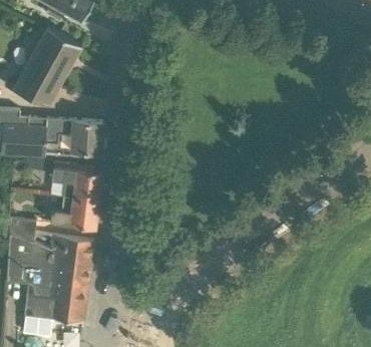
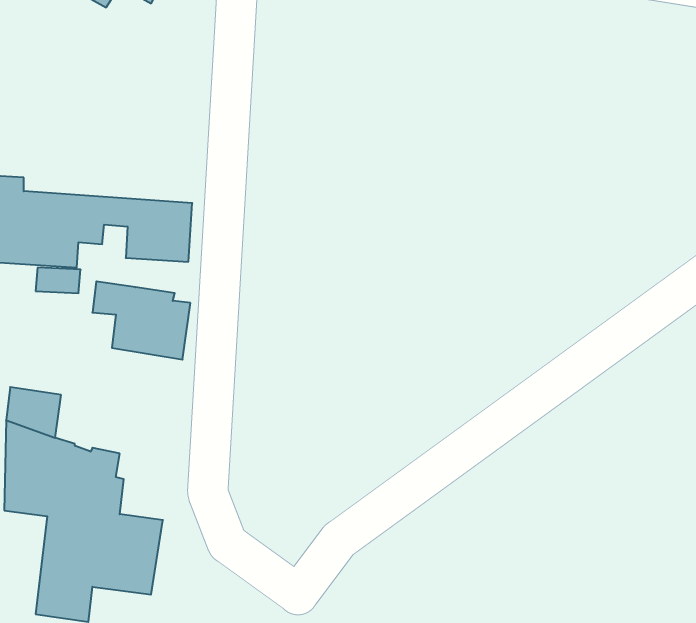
building: [13,26,81,104] -> none
building: [51,198,99,230] -> none
building: [44,236,94,286] -> none

